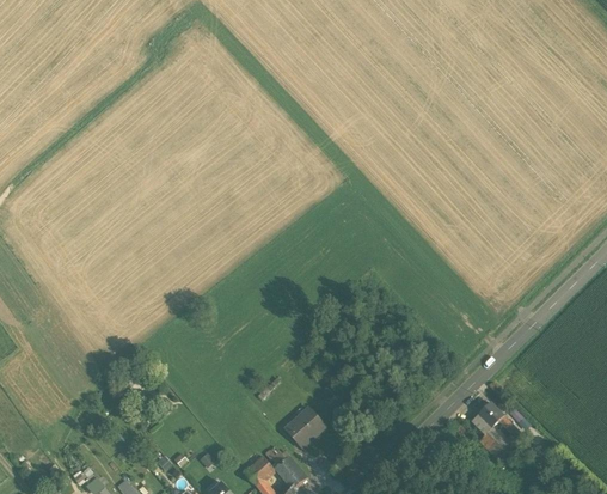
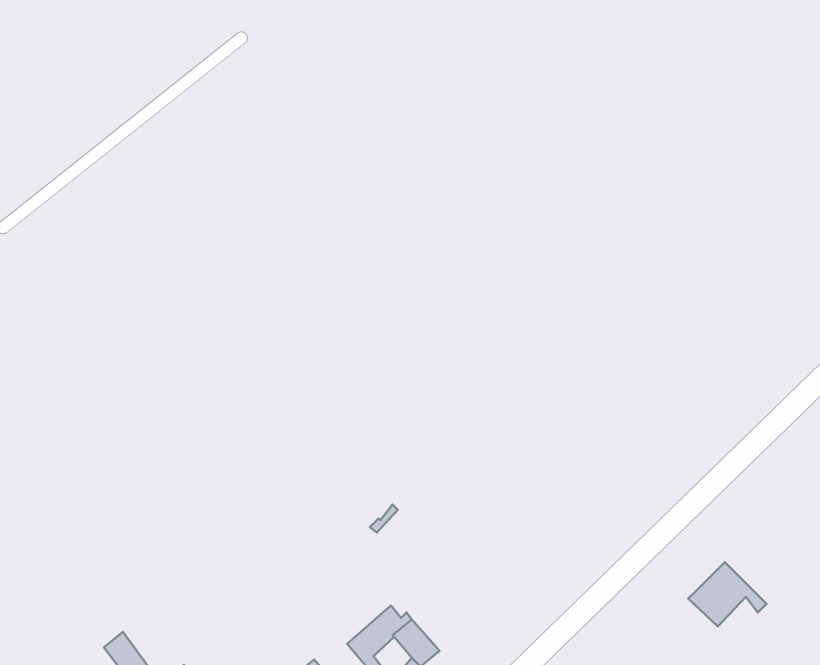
building: [472,403,504,435] -> none
building: [286,408,324,447] -> none

